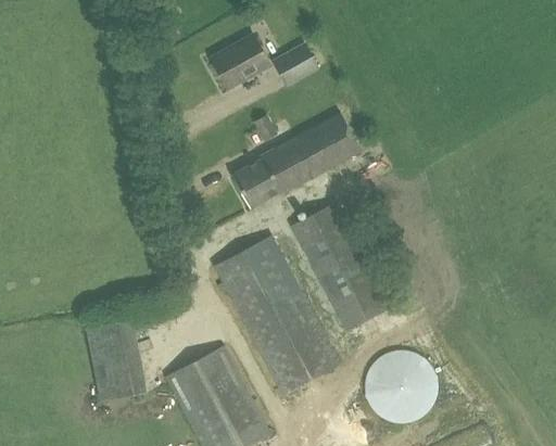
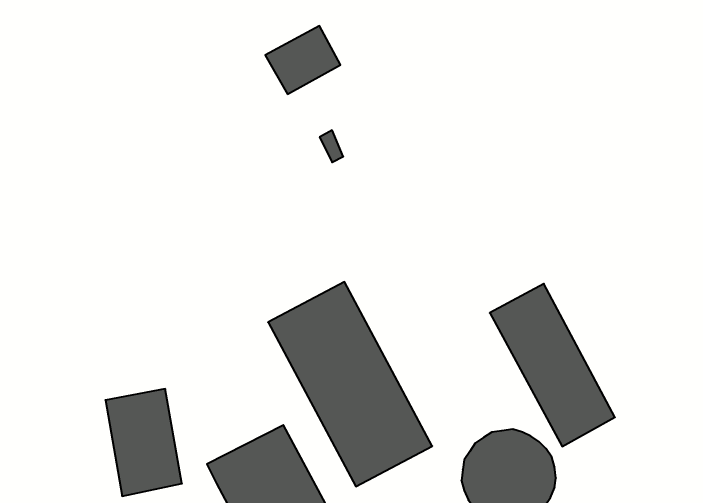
building: [271,42,319,88] -> none
building: [233,114,361,207] -> none
building: [290,204,388,331] -> [490,284,615,446]

